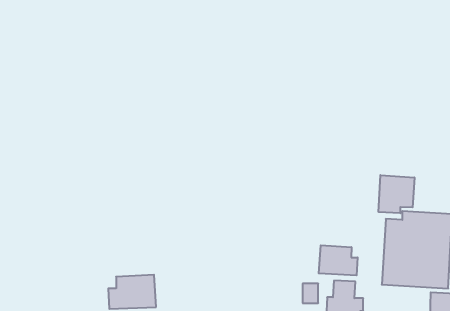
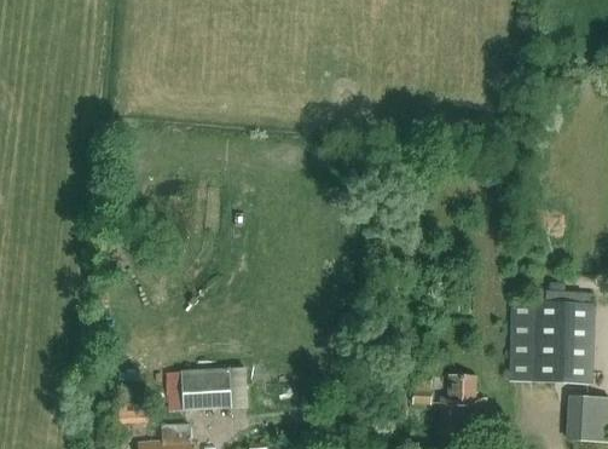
building: [379,175,414,213] -> none
building: [319,245,358,275] -> none

